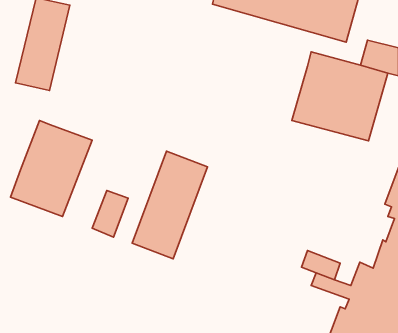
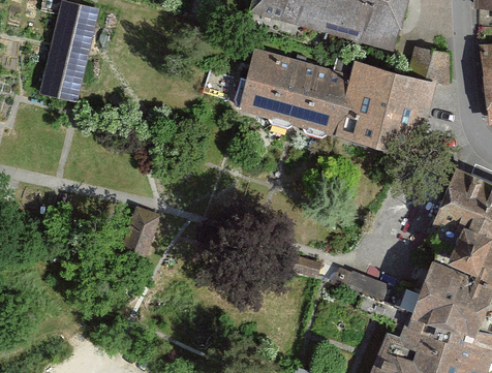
building: none -> [241,50,351,133]
building: [10,120,92,216] -> none
building: [132,151,208,259] -> none

